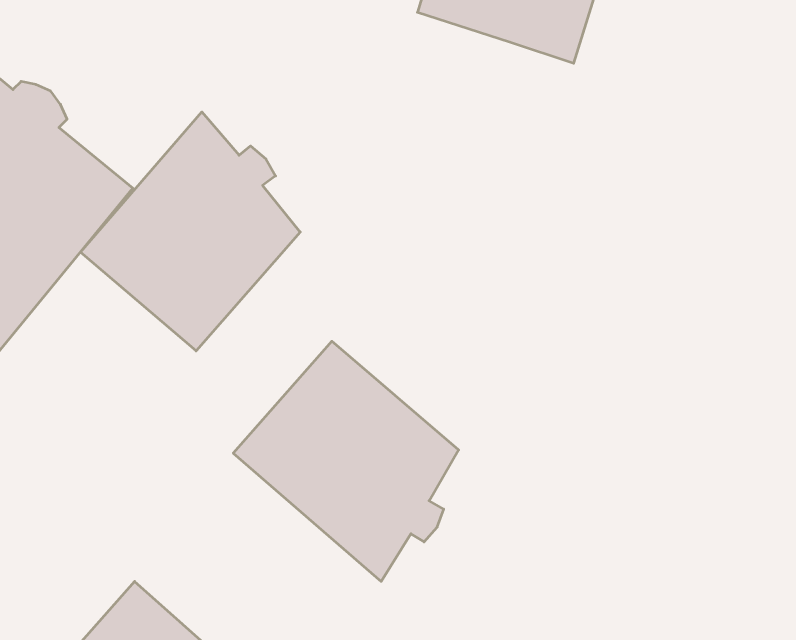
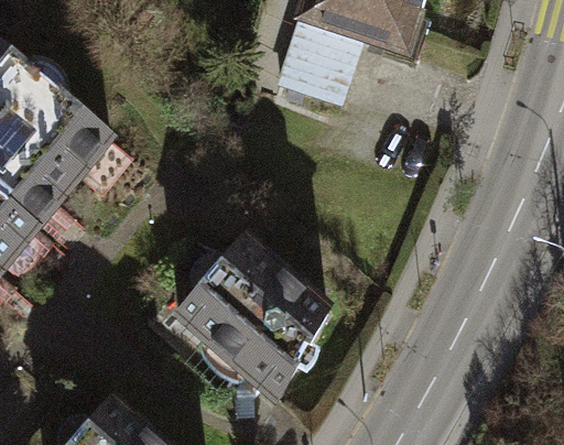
building: none -> [279,20,361,104]
building: [80,112,300,351] -> none

